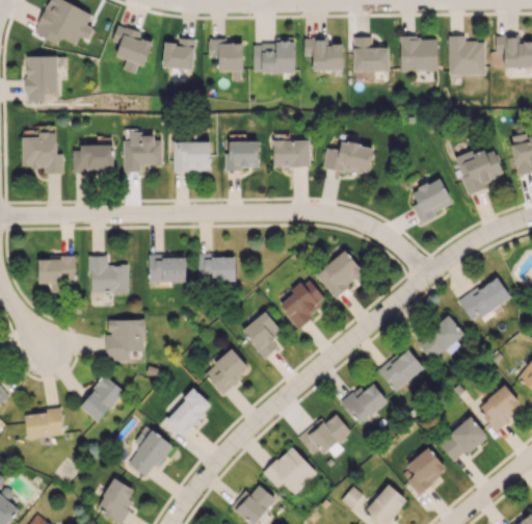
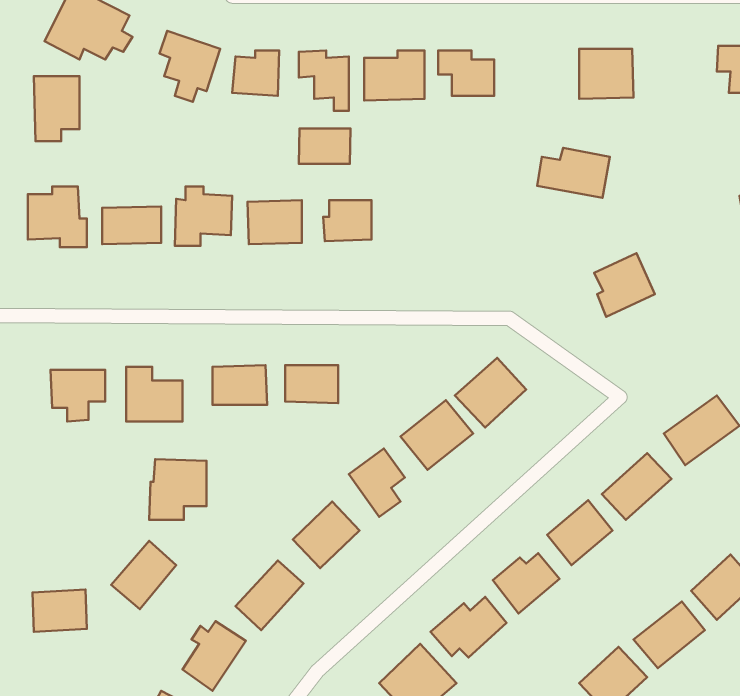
building: [354,36,390,72] -> none
building: [449,36,486,76] -> none
building: none -> [299,128,350,164]
building: [273,140,311,168] -> none
building: [324,141,374,176] -> [537,148,610,198]
building: [455,148,505,191] -> none

